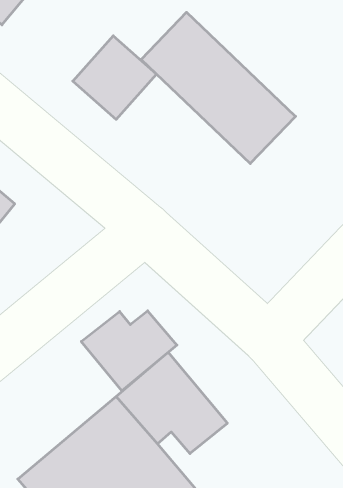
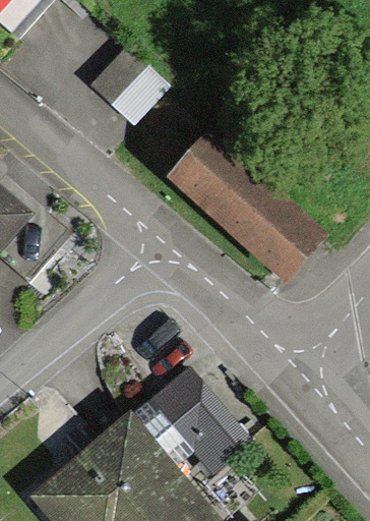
building: [141,12,296,164] -> [168,128,327,285]
building: [81,311,177,391] -> none

